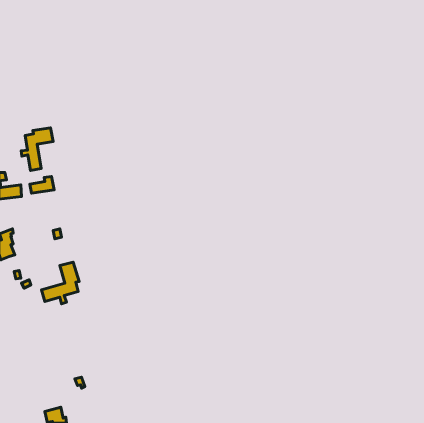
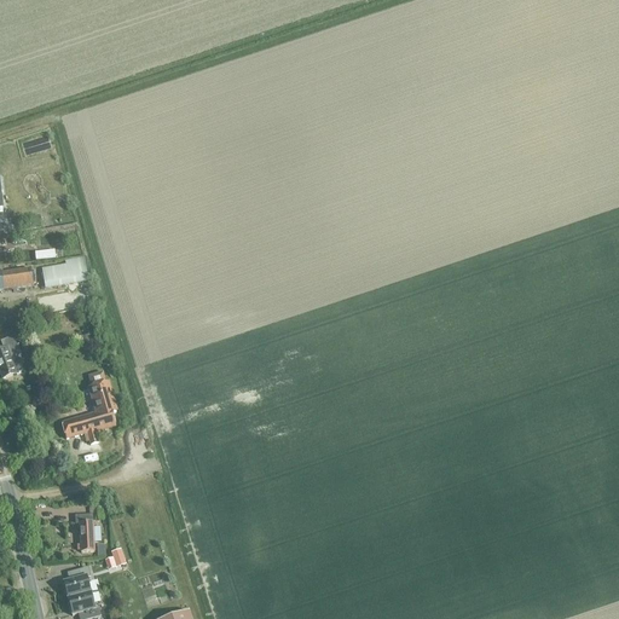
building: [21,128,53,170] -> none
building: none -> [73,514,92,550]
building: none -> [60,567,88,597]

